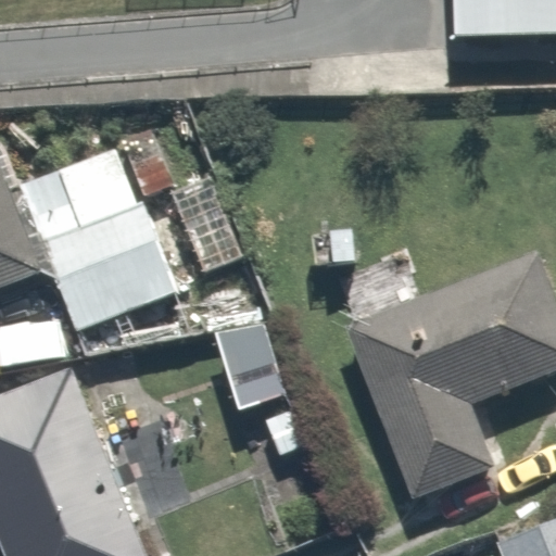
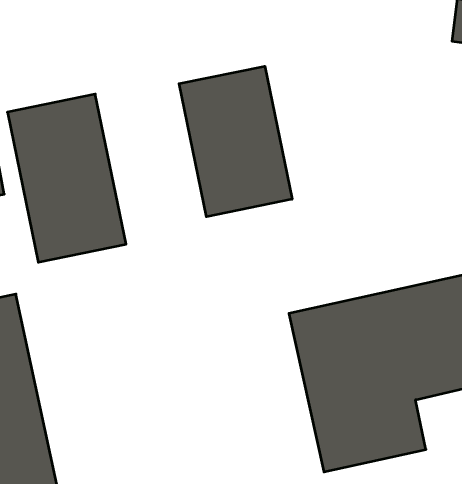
building: none -> [179,66,292,217]

